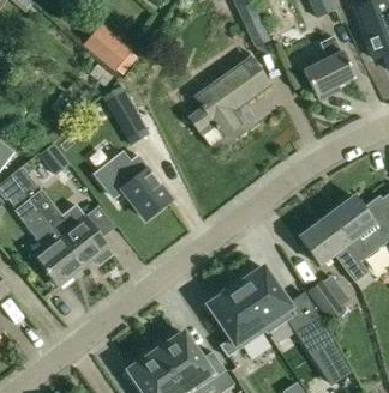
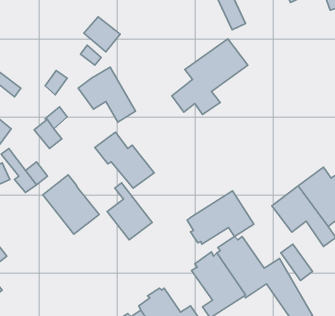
building: [303,36,354,101] -> none
building: none -> [187,191,254,244]
building: [32,224,82,286] -> [107,183,152,240]

